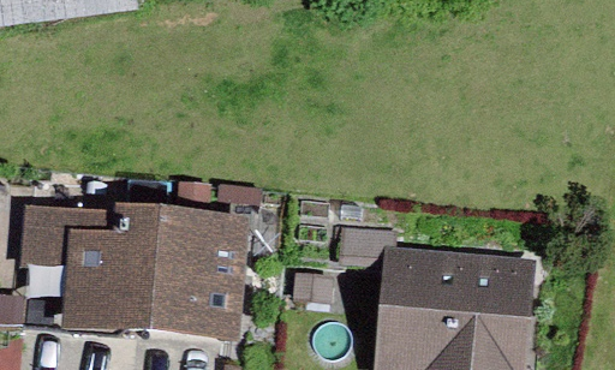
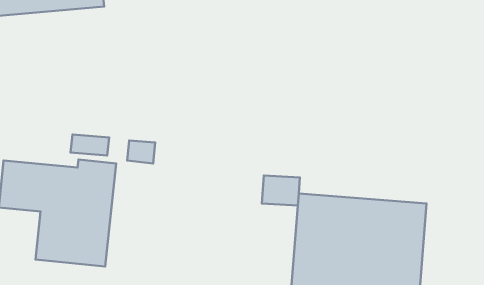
building: [142,204,240,339] -> none

